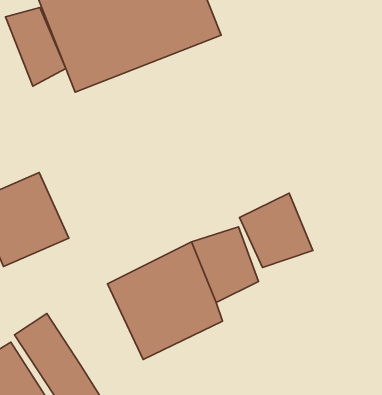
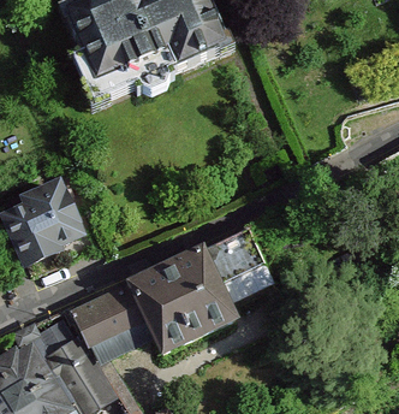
building: [6,8,66,86] -> none
building: [239,193,313,267] -> none
building: none -> [66,284,150,362]

